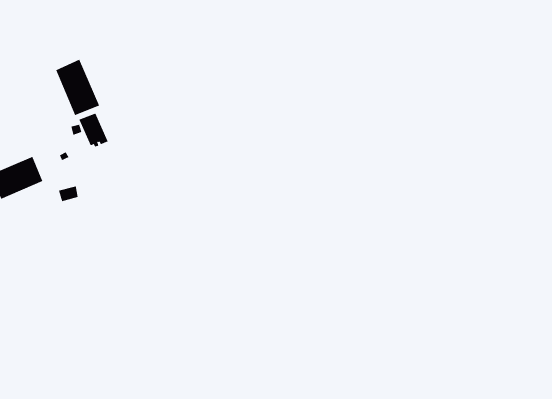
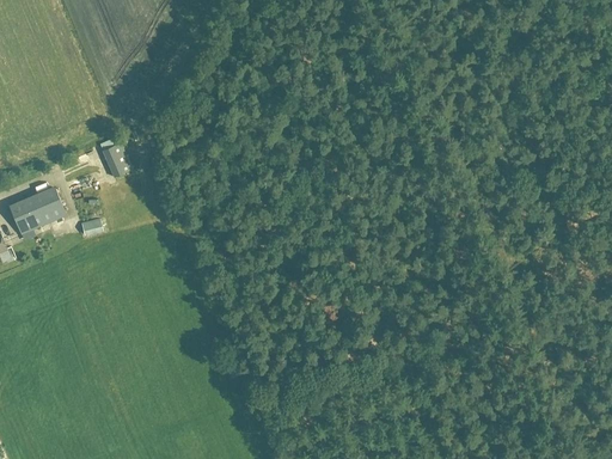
building: [55,59,100,116] -> none

